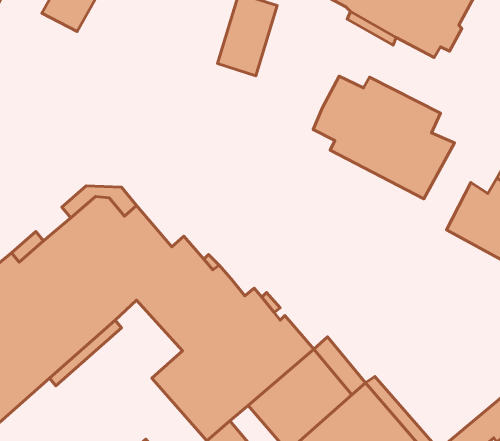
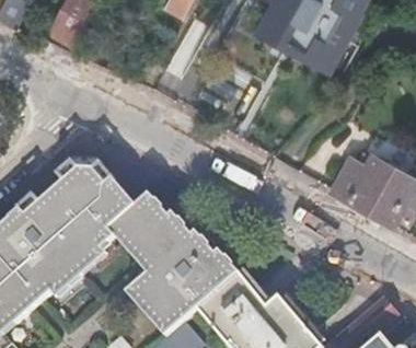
building: [313,76,455,199] -> none

